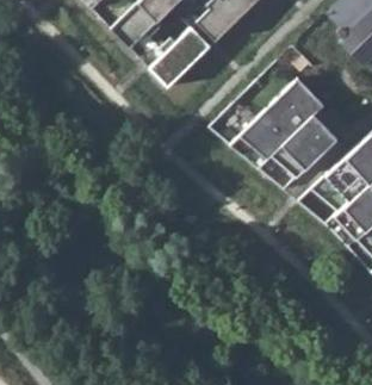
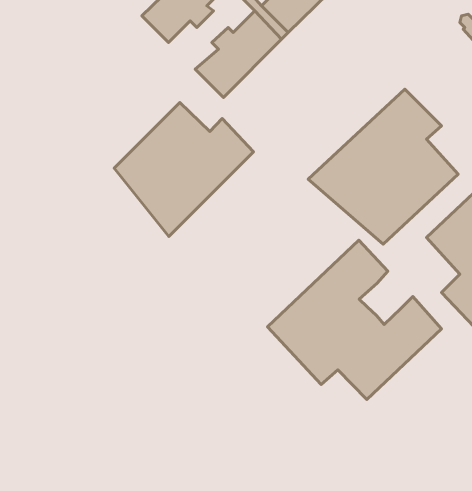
building: none -> [114,103,253,237]
building: none -> [267,240,442,400]

